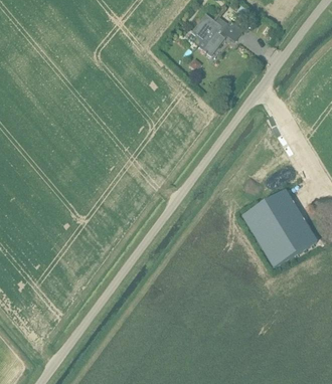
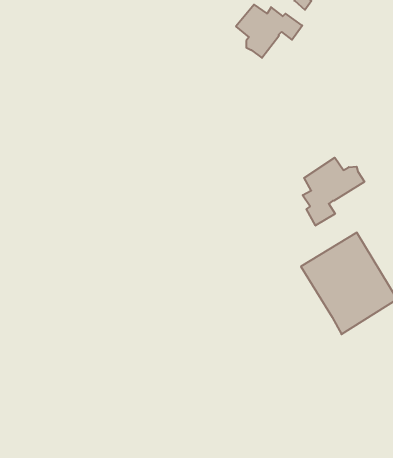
building: none -> [303,158,364,226]

